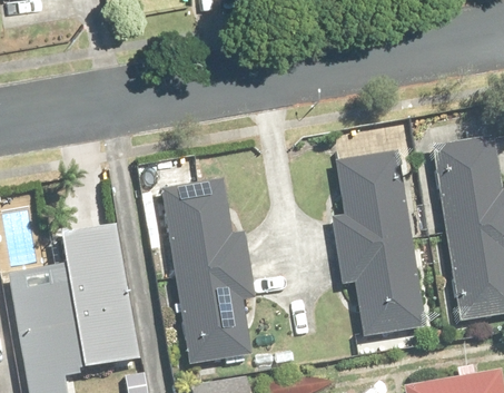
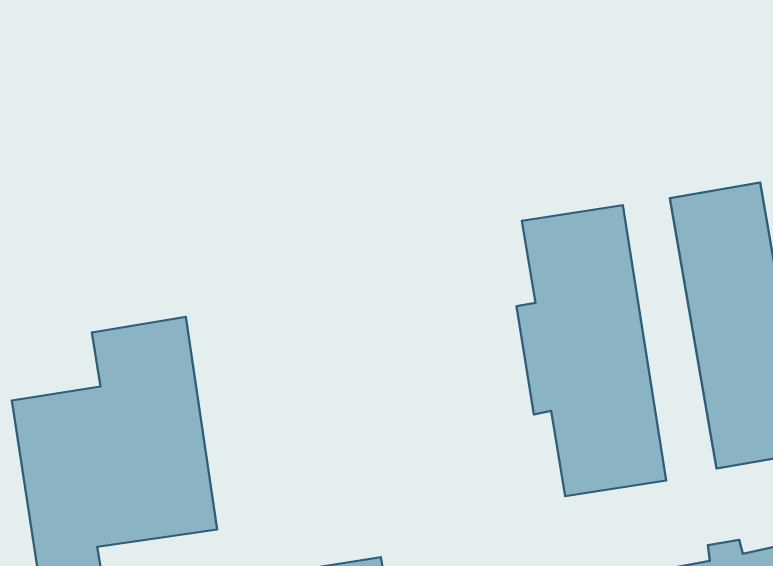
building: [162,179,255,364] -> none

